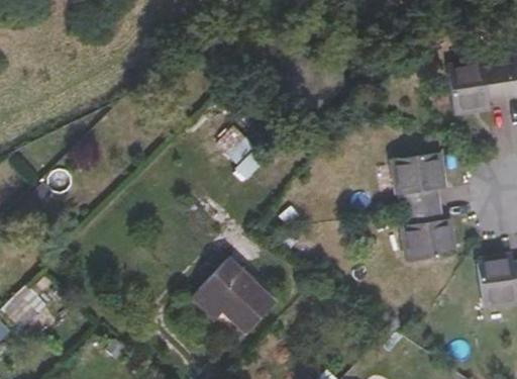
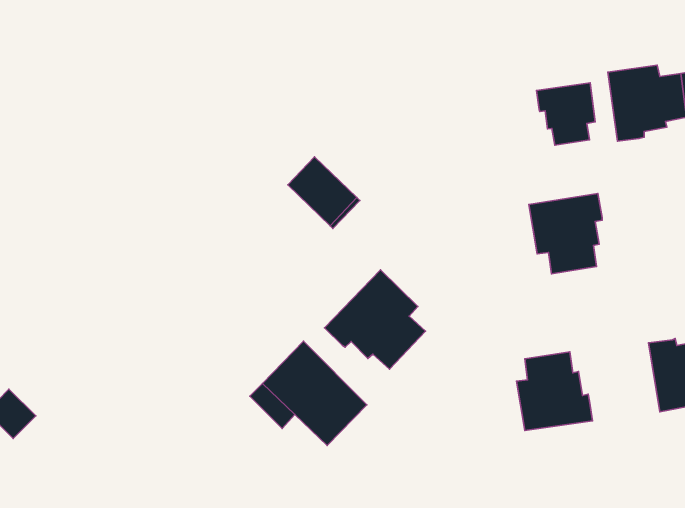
building: none -> [537,83,595,145]
building: [402,205,456,262] -> [516,352,592,431]
building: none -> [325,270,426,369]

